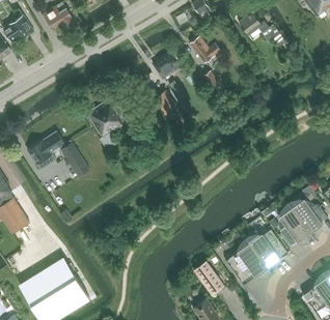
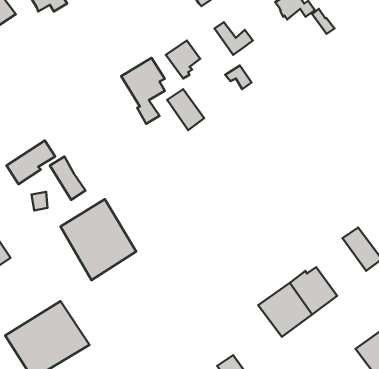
building: [87,99,121,151] -> [121,58,165,124]
building: none -> [60,199,136,280]
building: [279,208,310,246] -> none
building: [193,261,224,296] -> none

